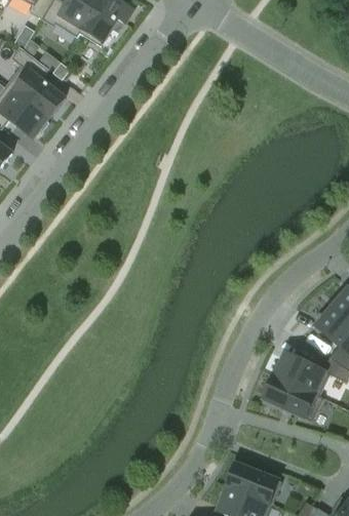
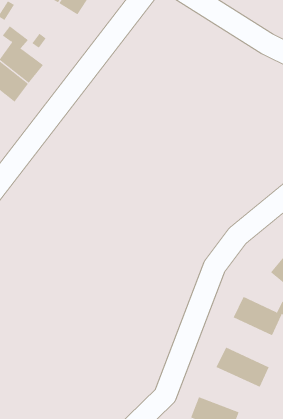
building: [263,375,322,421] -> [216,347,269,387]

